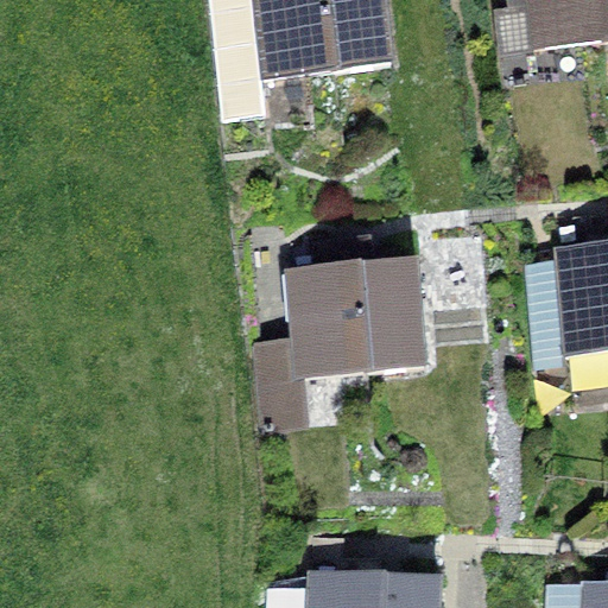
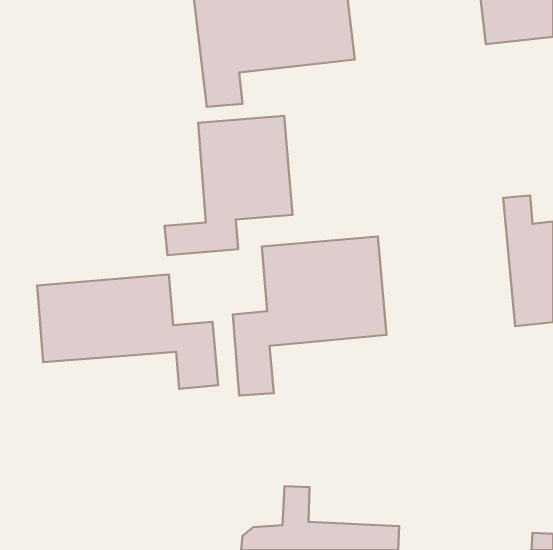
building: none -> [164,116,292,255]
building: none -> [37,275,218,389]

